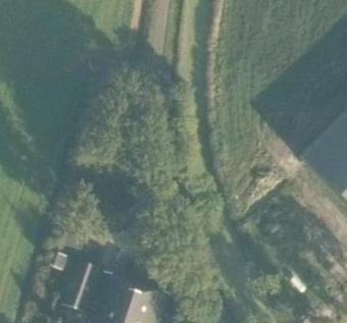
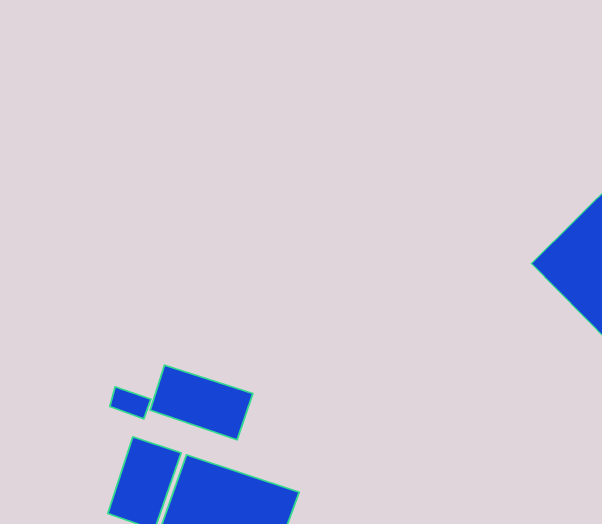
building: none -> [150,365,253,440]

